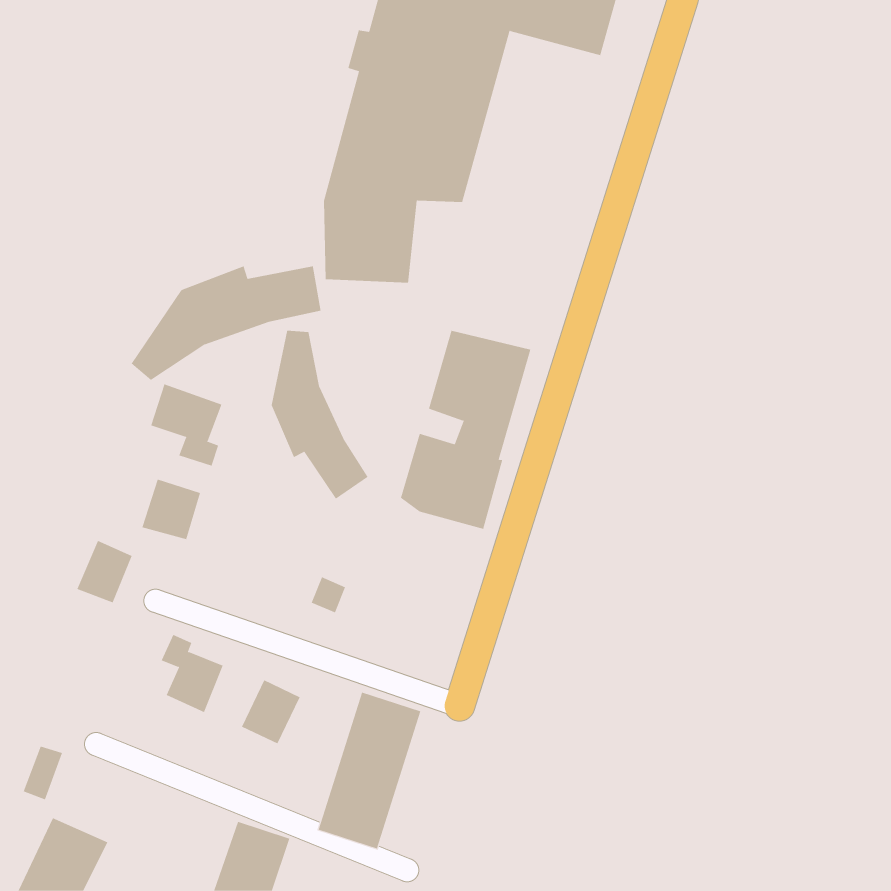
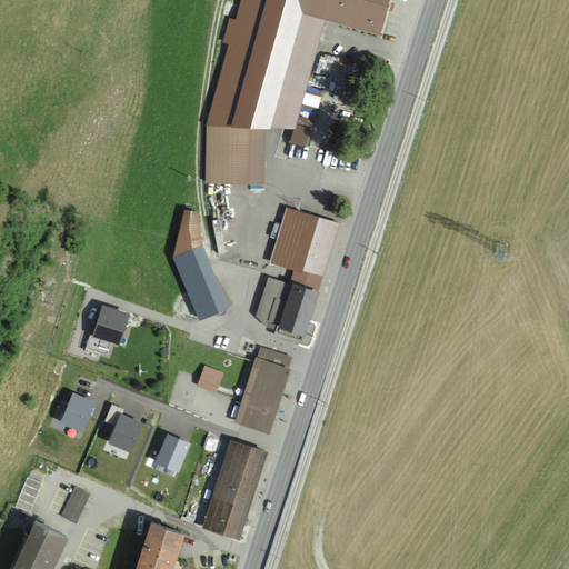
building: [131,265,321,381] -> none
building: [151,383,222,466] -> none
building: [77,540,133,603] -> [59,391,94,431]
building: none -> [234,347,292,435]
building: none -> [60,486,89,522]

